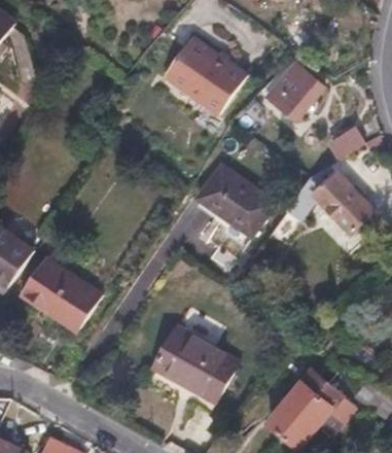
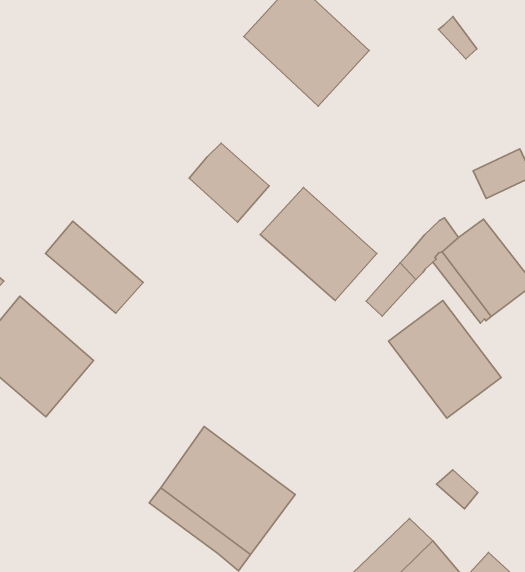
building: [262,63,319,120] -> none
building: none -> [189,143,269,222]
building: none -> [46,221,143,313]
building: none -> [389,301,501,418]

